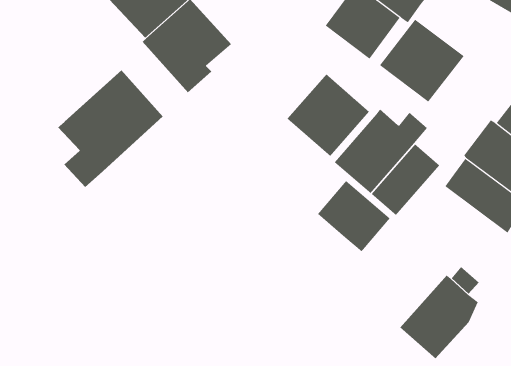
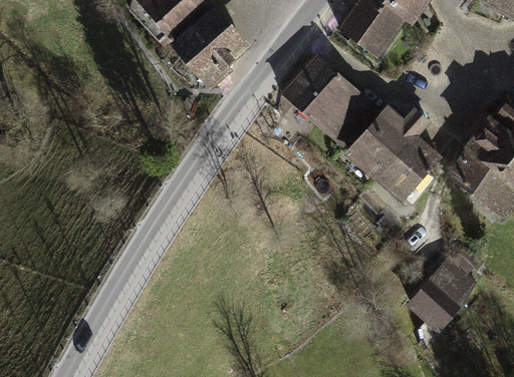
building: [379,19,464,103] -> none
building: none -> [280,52,338,113]
building: [57,69,164,188] -> none
building: [317,180,391,252] -> none

